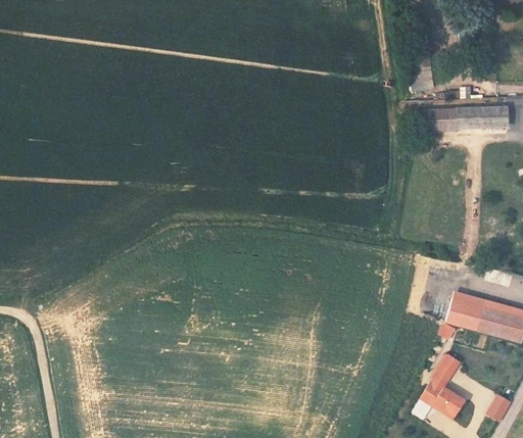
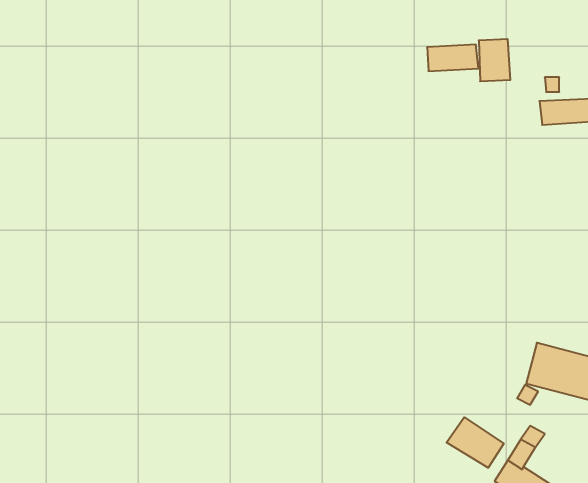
building: [419,105,459,126] -> [427,45,479,71]
building: none -> [447,417,504,468]

